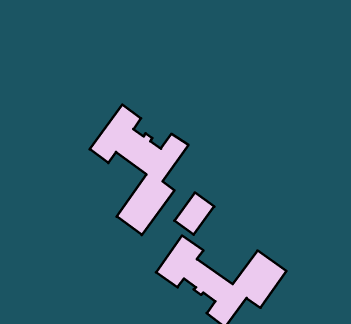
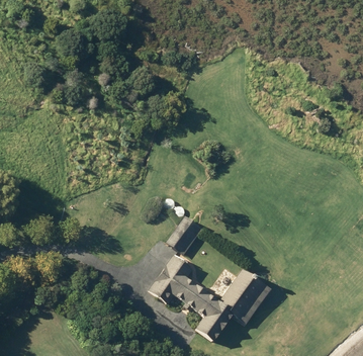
building: [90,105,188,235] -> none

